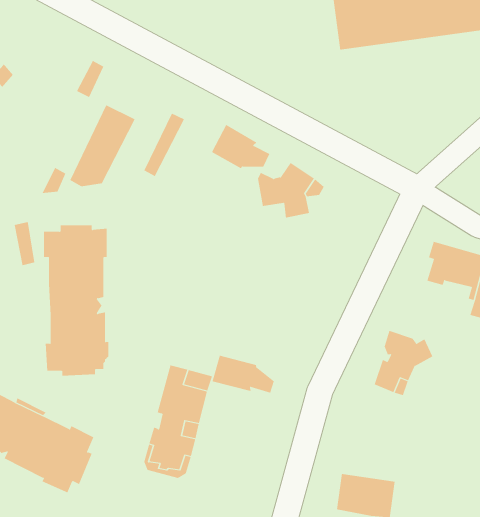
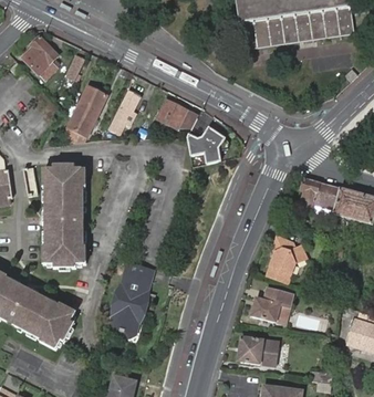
building: none -> [21,35,58,79]
building: [212,355,274,393] -> none
building: none -> [251,284,292,317]

